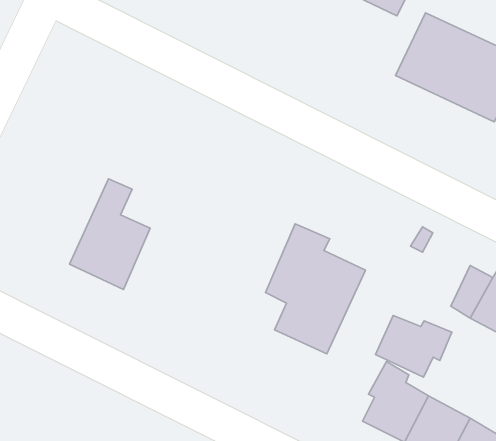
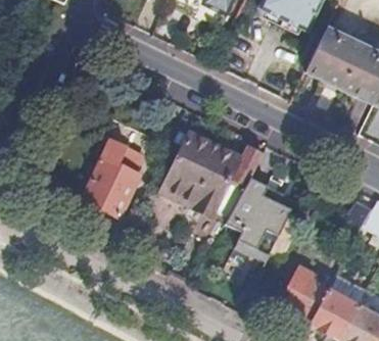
building: none -> [165,132,240,207]
building: [375,316,452,377] -> none

